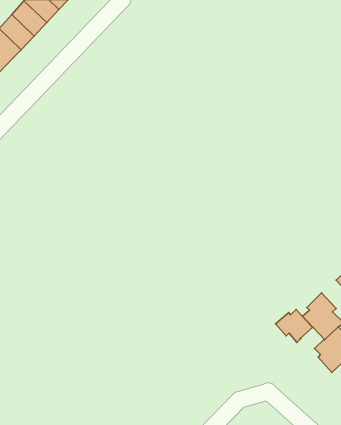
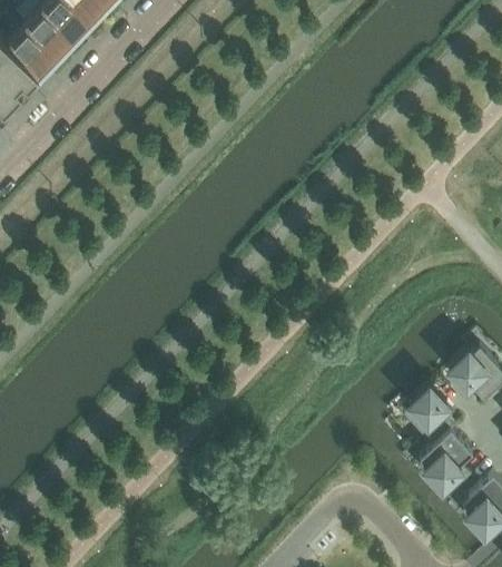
building: [275,309,313,342] -> none

